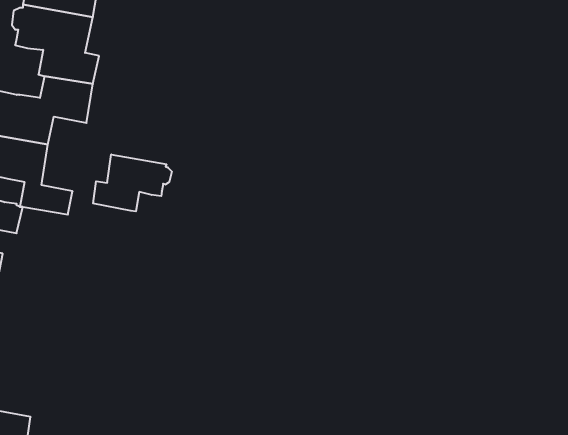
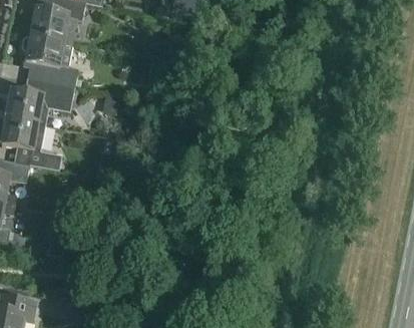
building: [93,154,172,211] -> none

